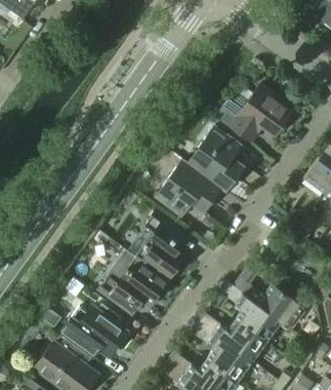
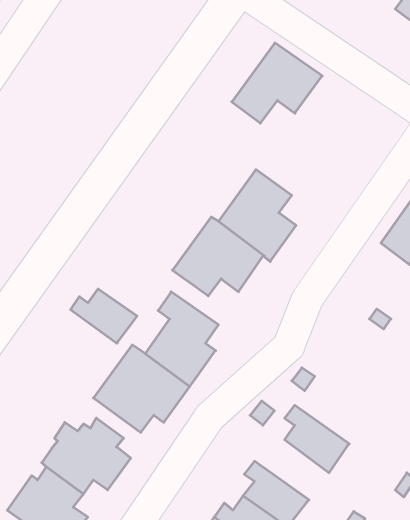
building: [229,85,293,143] -> [232,43,322,123]
building: none -> [71,289,137,343]
building: [242,284,303,328] -> none
building: [213,319,266,362] -> none

